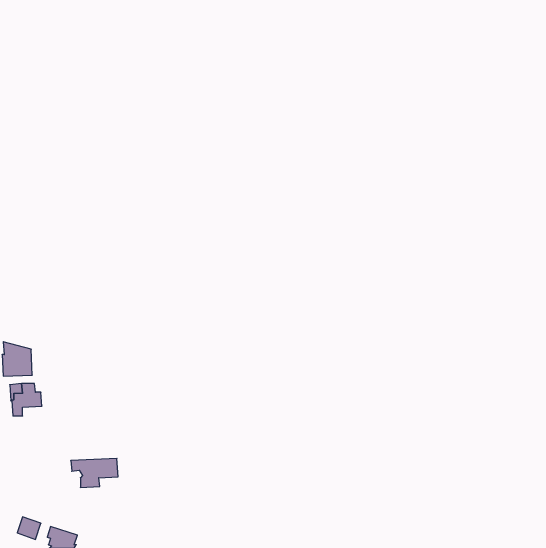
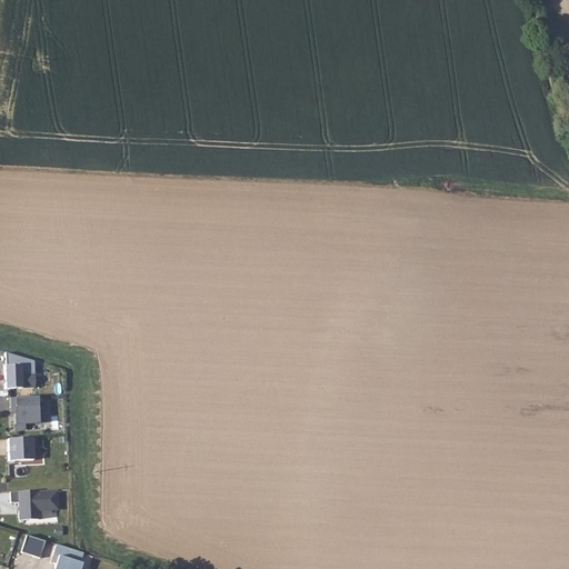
building: none -> [9,438,34,461]
building: [71,458,118,487] -> [11,490,60,520]

